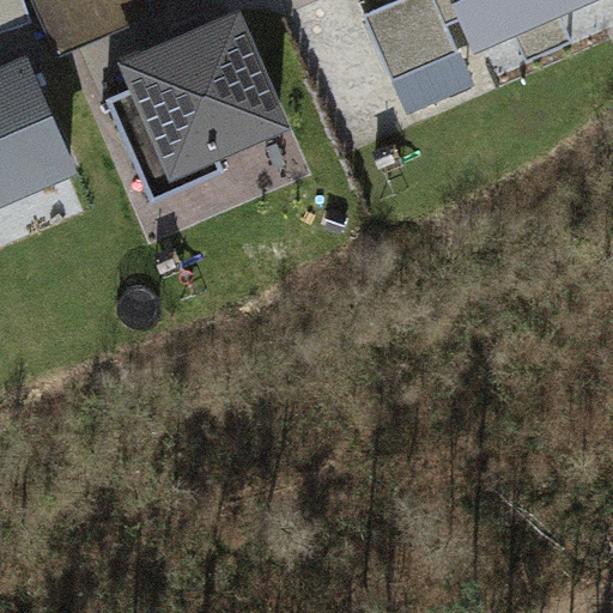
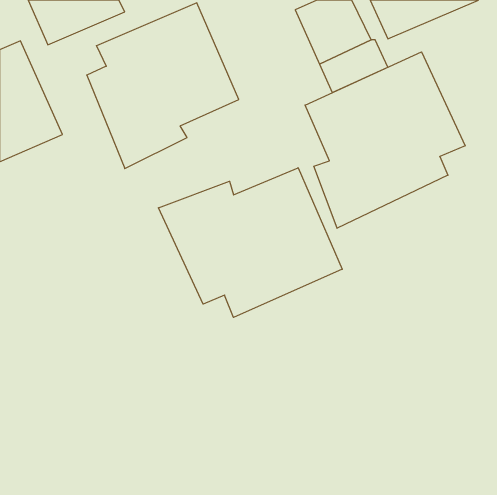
building: none -> [305,52,465,228]
building: none -> [158,168,342,317]

